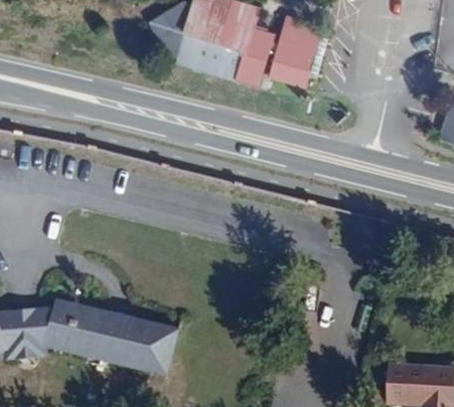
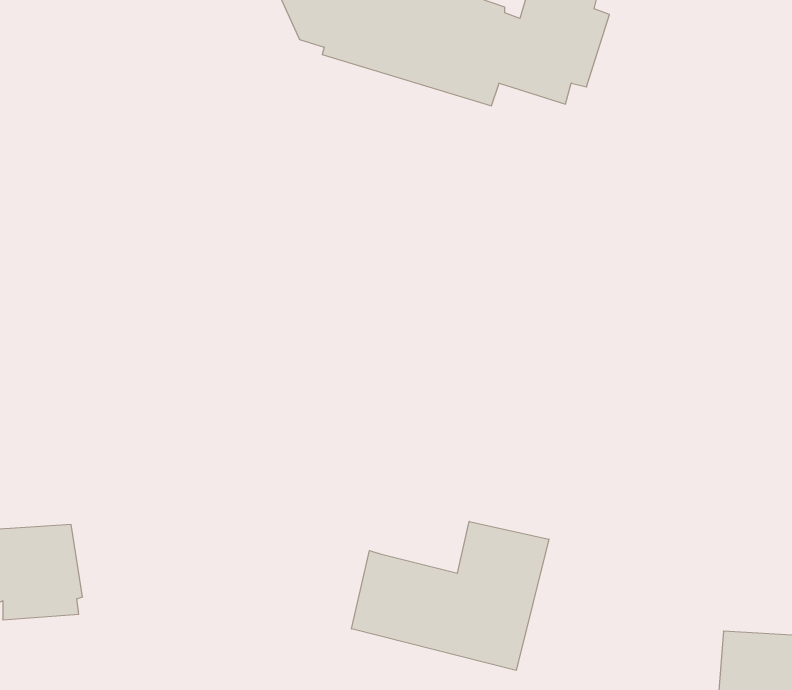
building: [42,299,178,376] -> none
building: none -> [352,521,549,670]

